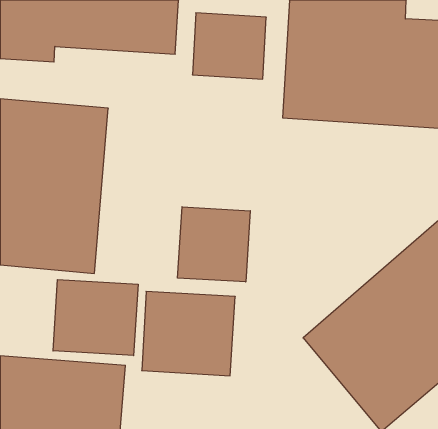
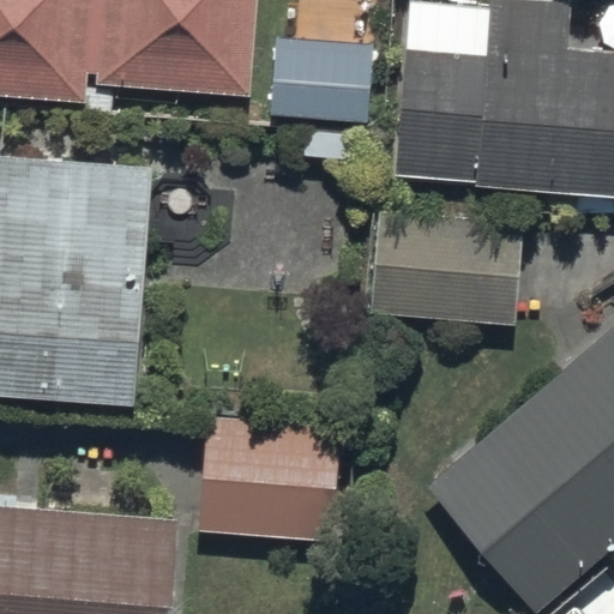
building: none -> [373,212,518,325]
building: [178,207,250,282] -> none
building: [53,280,138,356] -> none

